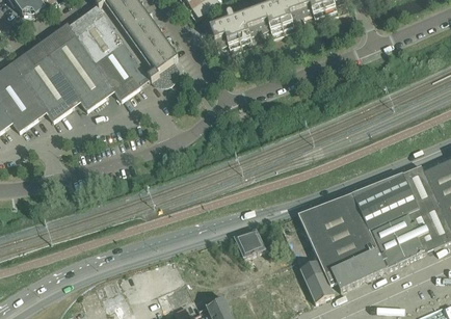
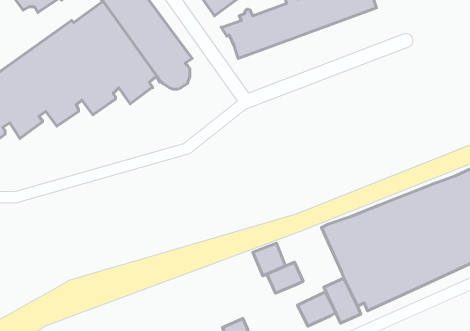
building: none -> [267,262,303,293]
building: none -> [297,292,336,326]

